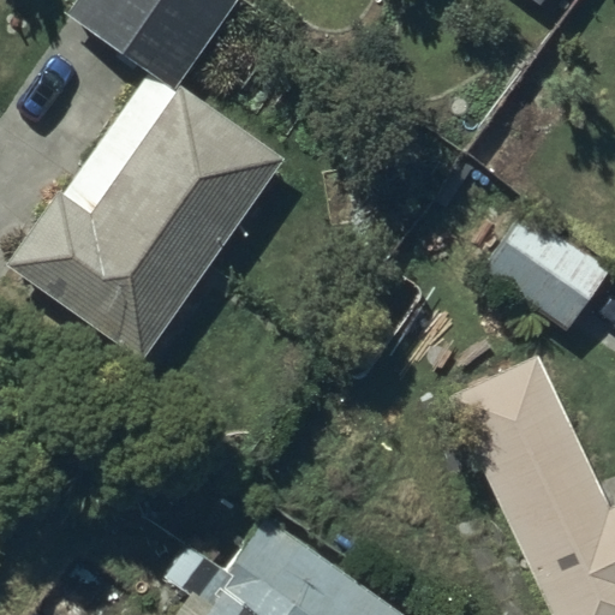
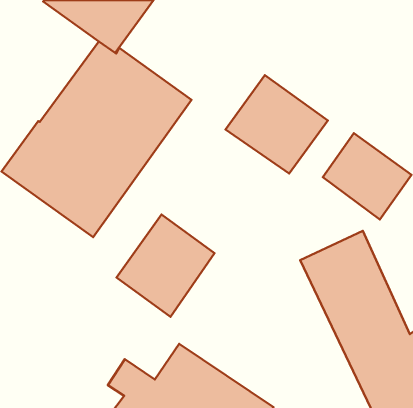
building: none -> [226,75,328,173]
building: none -> [116,215,214,317]

